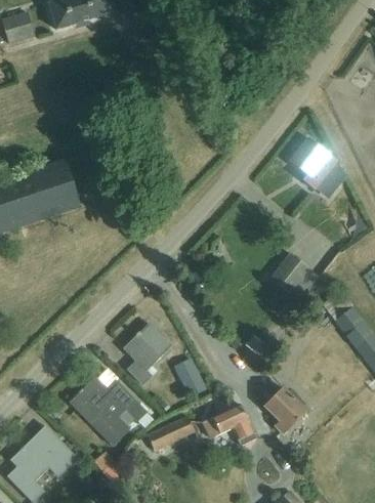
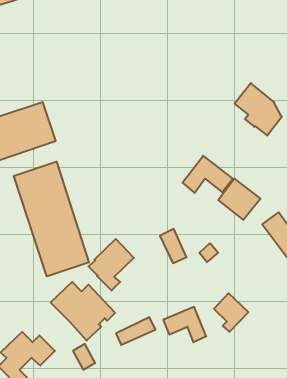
building: none -> [183,156,233,193]
building: none -> [14,162,89,276]
building: [175,358,207,399] -> [160,229,187,263]

